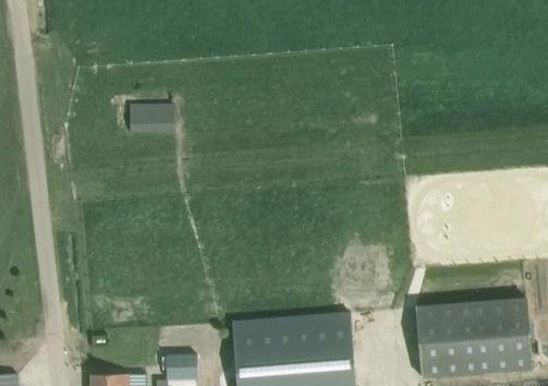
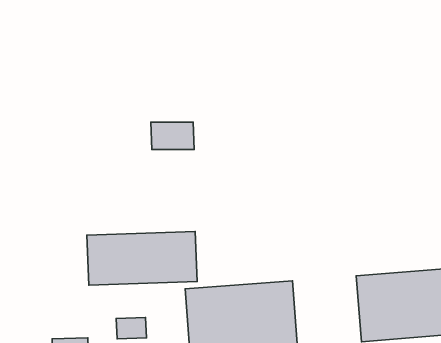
building: [129,102,175,132] -> [151,122,194,149]
building: none -> [87,232,197,285]

